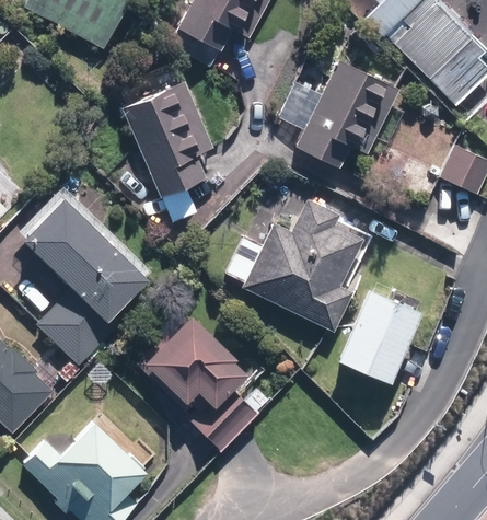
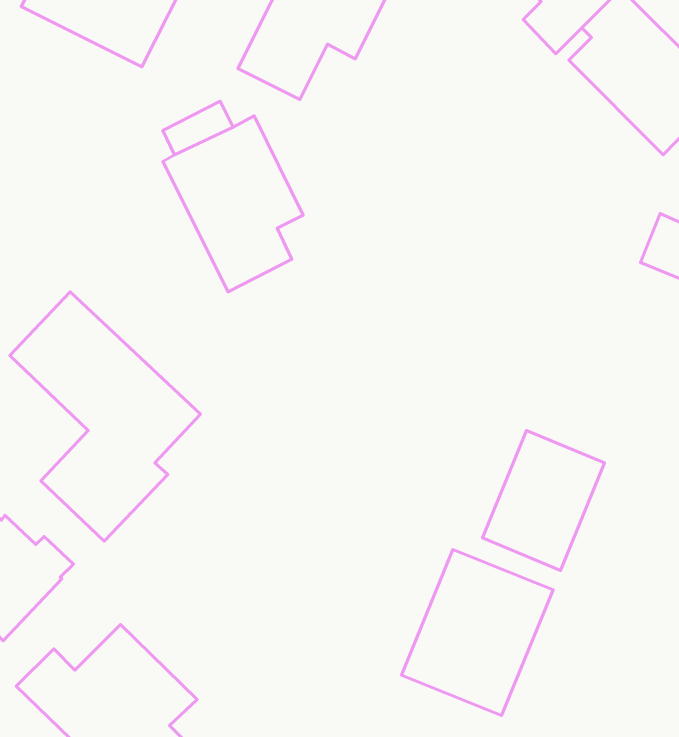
building: [297,58,401,166] -> none
building: [242,198,360,331] -> none
building: [137,313,256,450] -> none
building: none -> [401,549,553,716]

